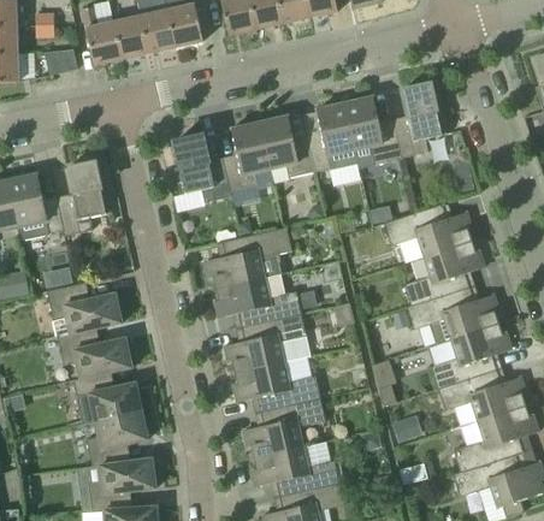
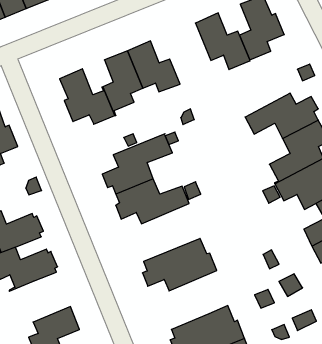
building: [307,102,357,171] -> none
building: [224,313,311,372] -> none
building: [72,373,141,424] -> none
building: [243,397,325,457] -> none

